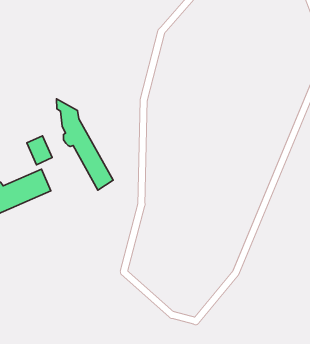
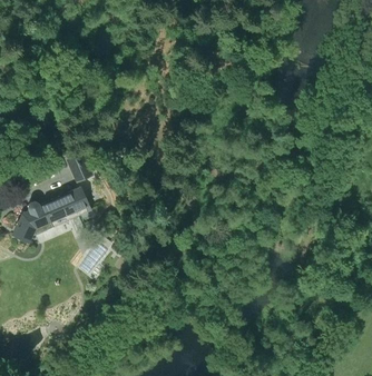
building: [56,99,113,190] -> none

